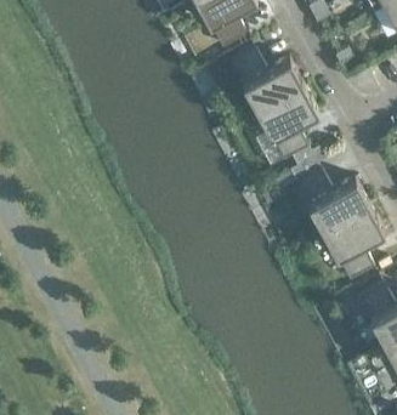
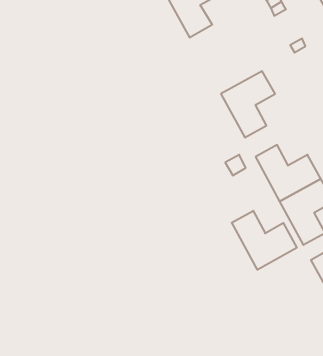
building: [228,49,302,112] -> none
building: none -> [232,211,297,270]

